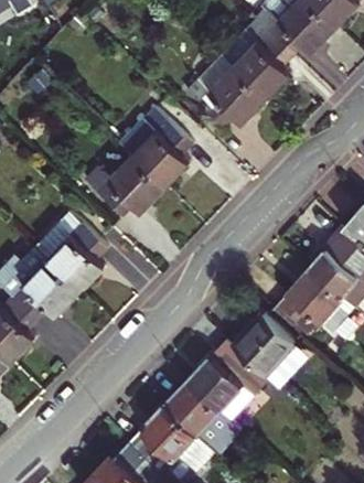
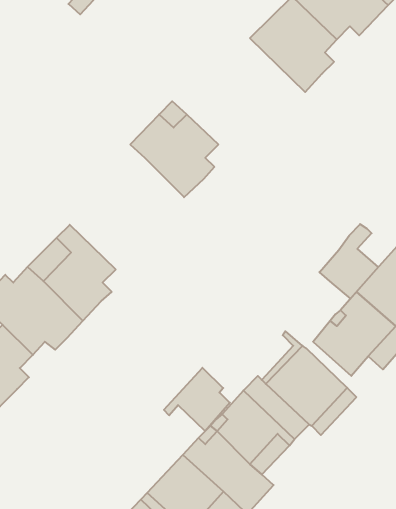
building: [186,54,267,127] -> none
building: [85,154,165,216] -> none
building: none -> [319,224,378,299]
building: none -> [164,368,230,431]

